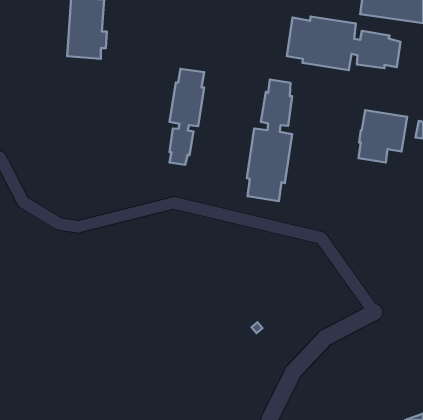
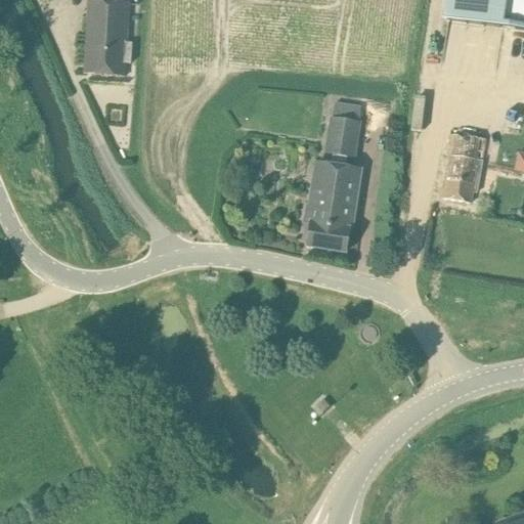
building: [287,17,401,70] -> none
building: [169,69,204,165] -> none

